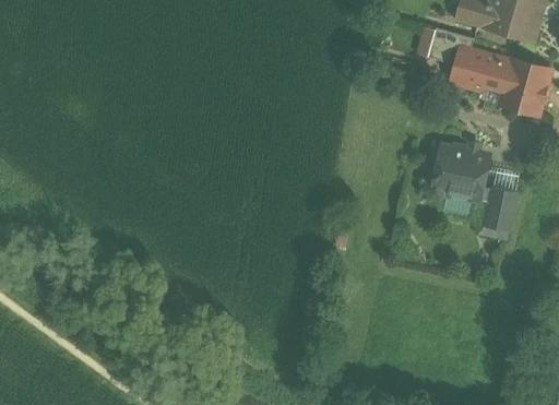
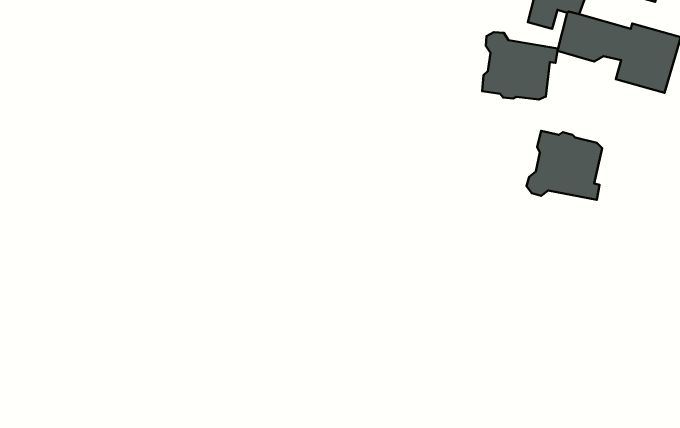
building: none -> [482,32,558,100]
building: [485,188,515,228] -> none

